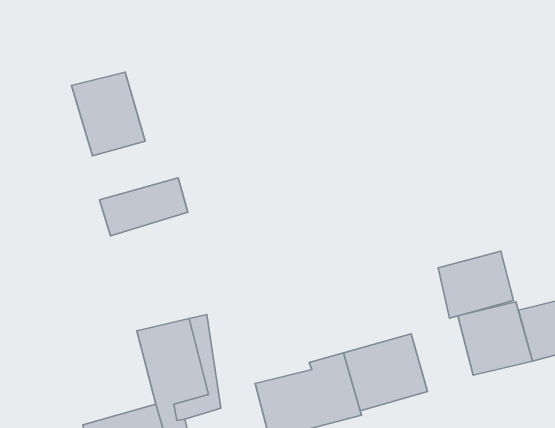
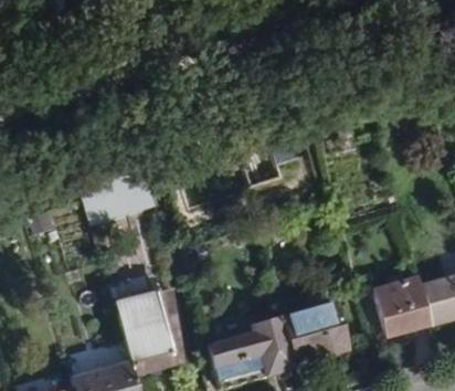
building: [72,72,145,156] -> none
building: [438,251,514,318] -> none

